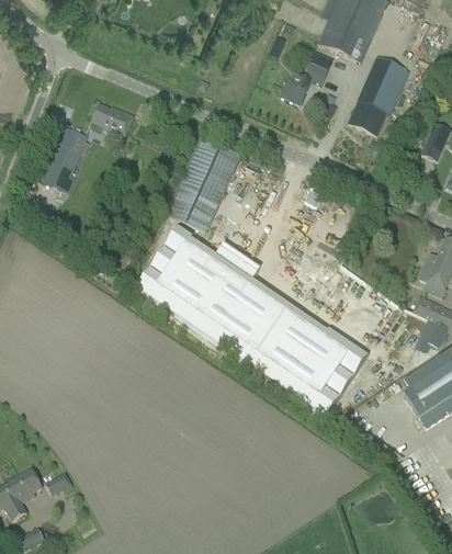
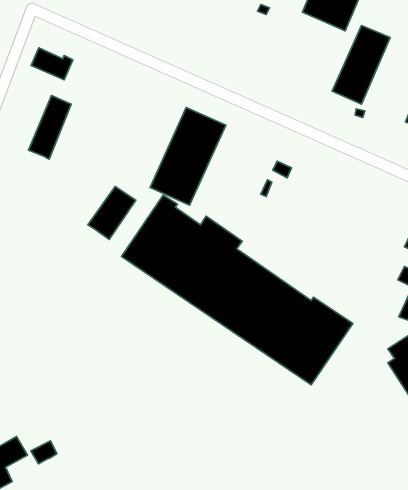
building: [282,50,334,102] -> none
building: [93,102,135,134] -> [31,48,73,80]
building: none -> [88,186,136,239]

